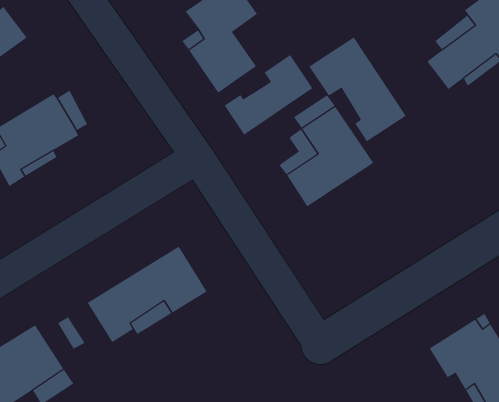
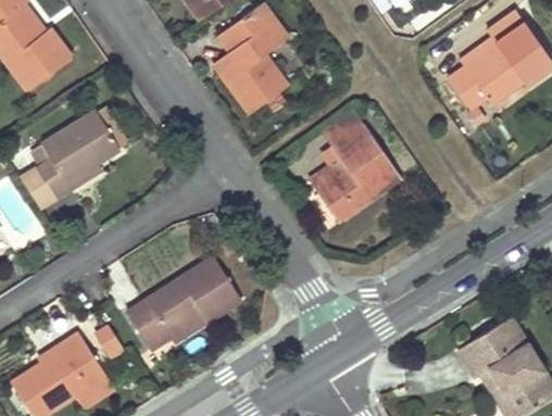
building: [309,37,407,142] -> none
building: [224,54,313,135] -> none

